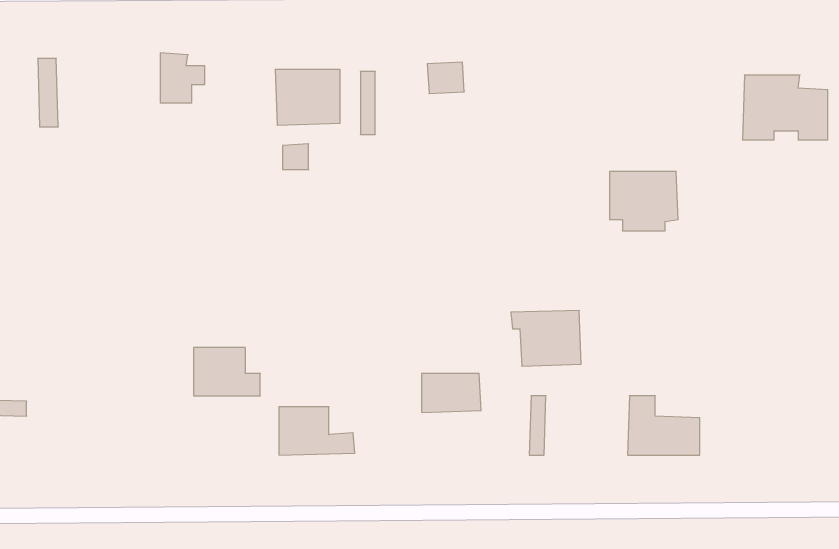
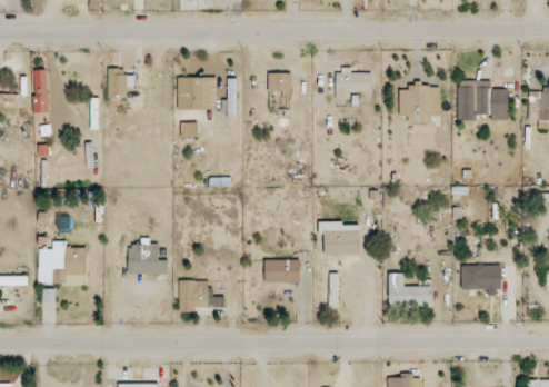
building: none -> [336,70,371,99]
building: [610,171,678,231] -> [399,87,440,122]
building: none -> [38,241,87,285]
building: none -> [461,265,500,297]

